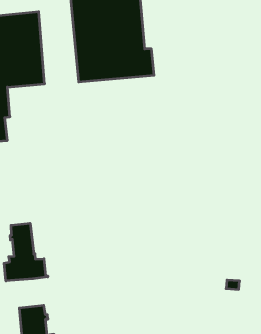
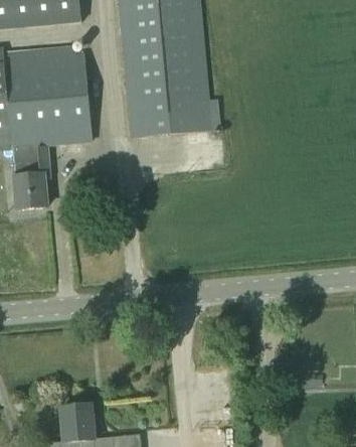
building: [4,223,48,281] -> none

